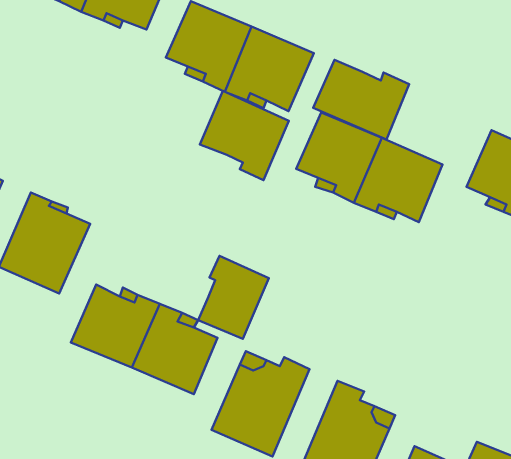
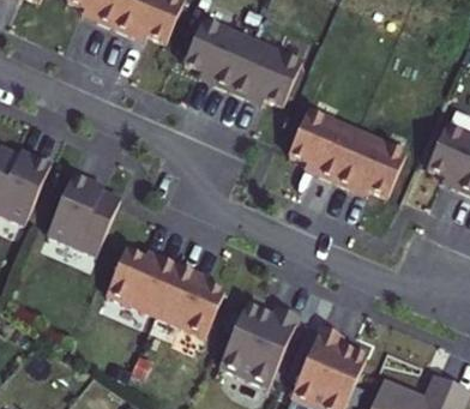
building: [313,60,409,140] -> none
building: [200,91,289,180] -> none
building: [198,256,269,339] -> none

